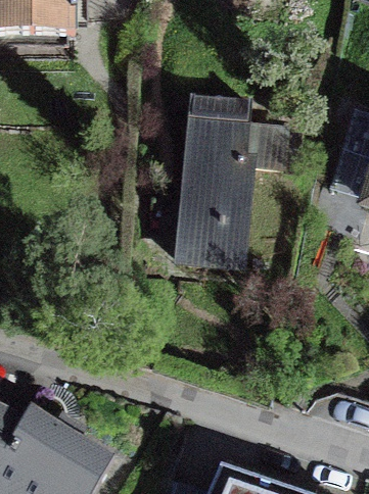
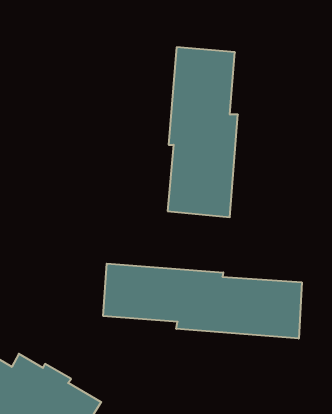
building: none -> [103,264,302,339]

